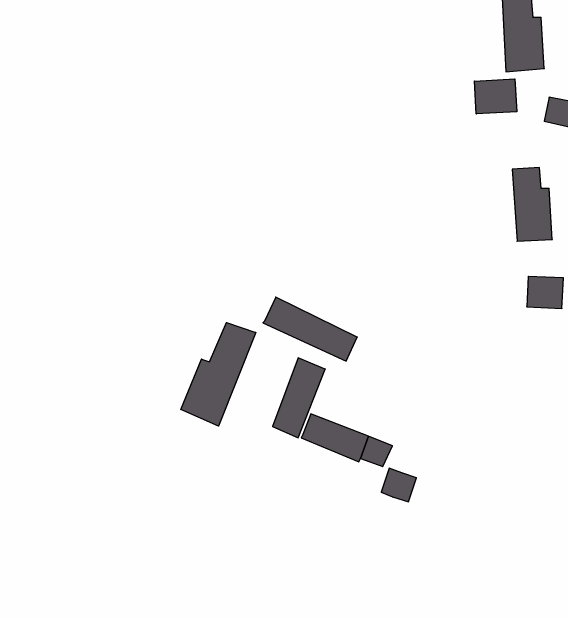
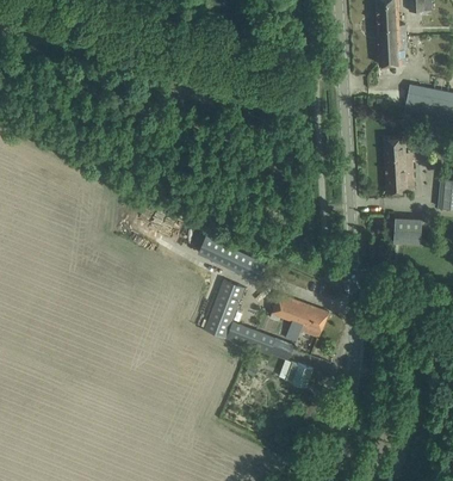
building: [474,79,517,114] -> none
building: [181,323,256,426] -> none
building: none -> [269,294,328,341]

